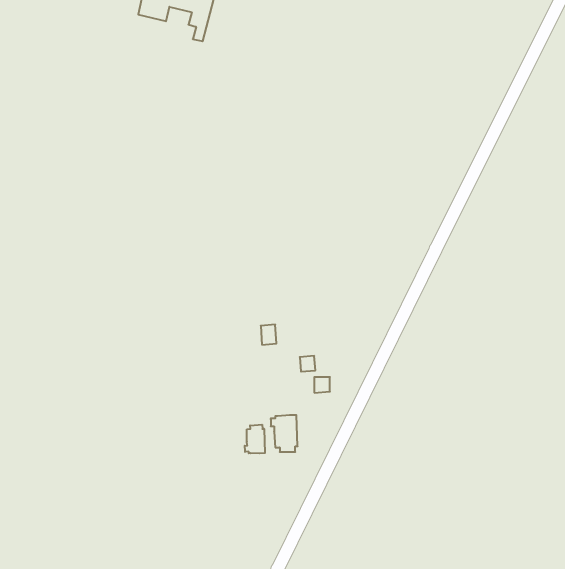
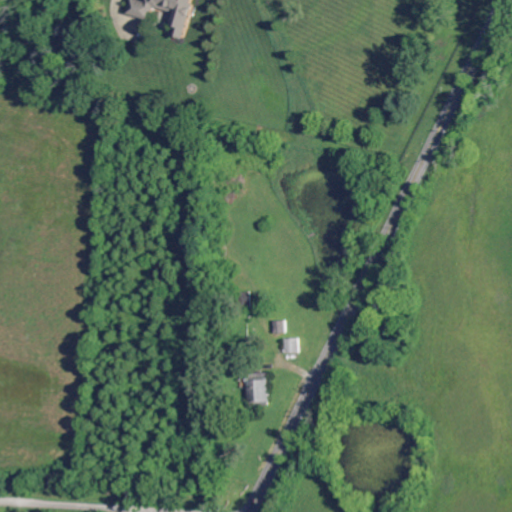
building: [245,425,265,453] -> none

